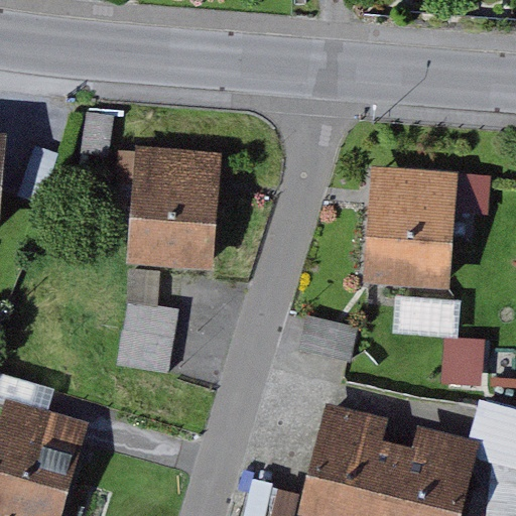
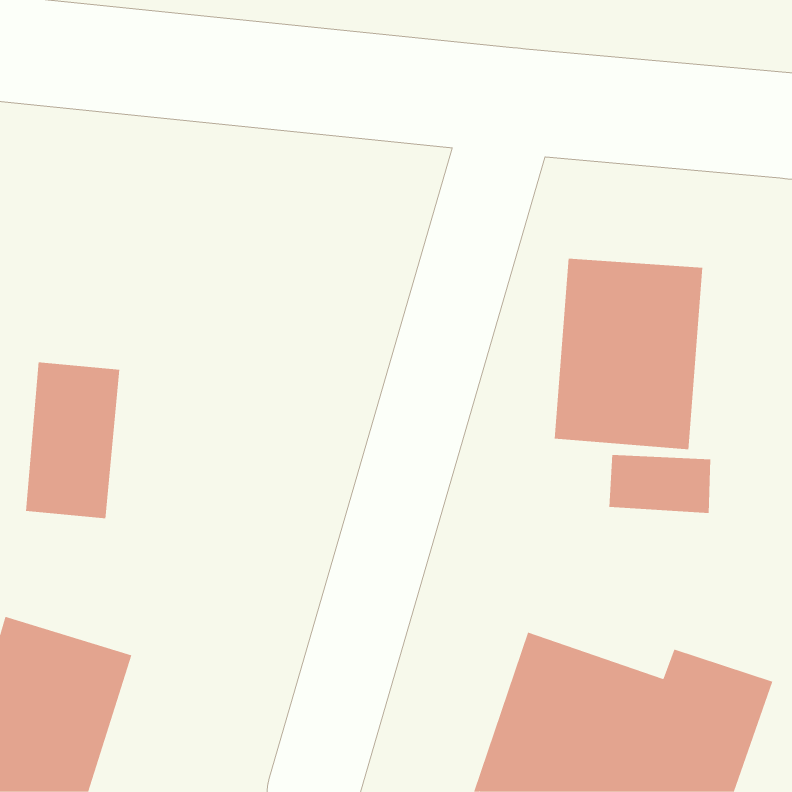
building: [123,147,219,271] -> none
building: [120,271,181,373] -> [25,362,120,519]

